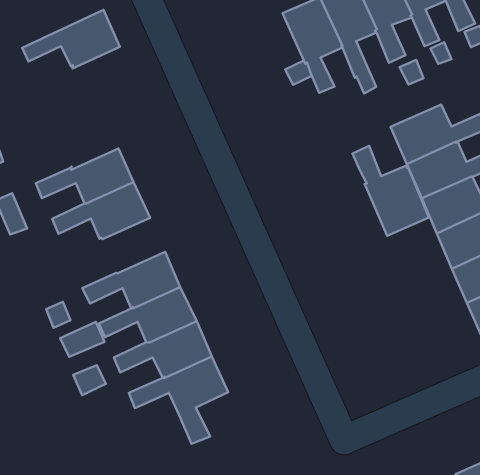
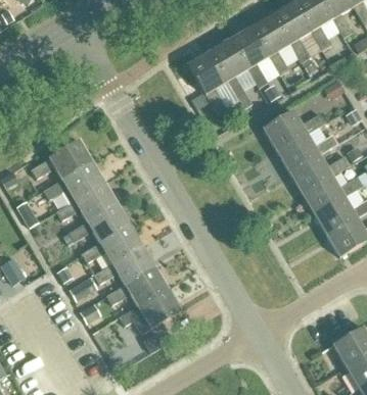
building: [22,10,120,68] -> [30,140,92,180]
building: [353,146,429,236] -> none
building: none -> [67,204,130,242]

